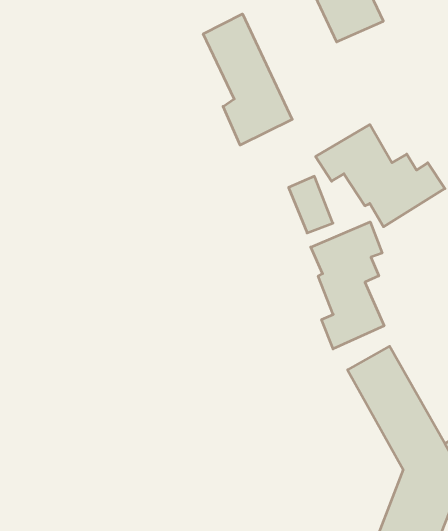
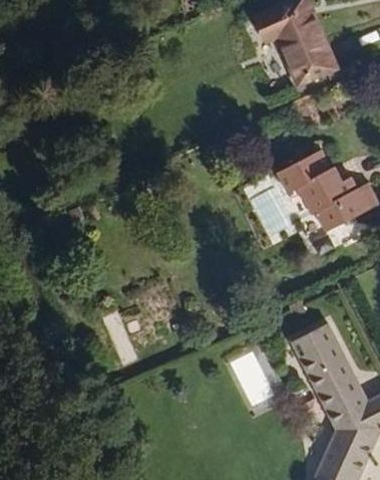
building: [203,14,292,145] -> none
building: [311,222,384,349] -> none

